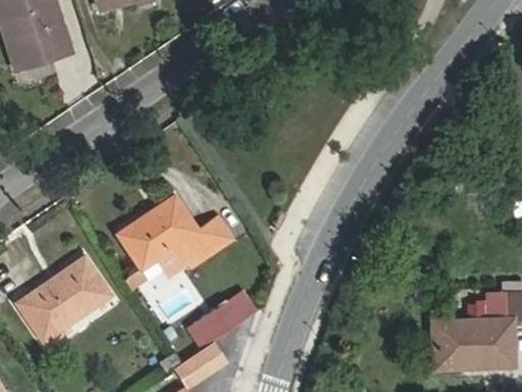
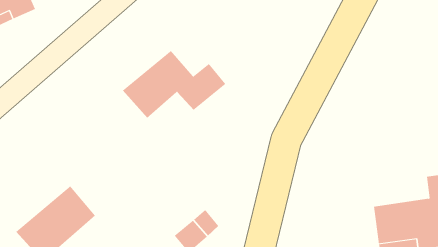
building: [117,197,234,271] -> [122,50,226,119]

